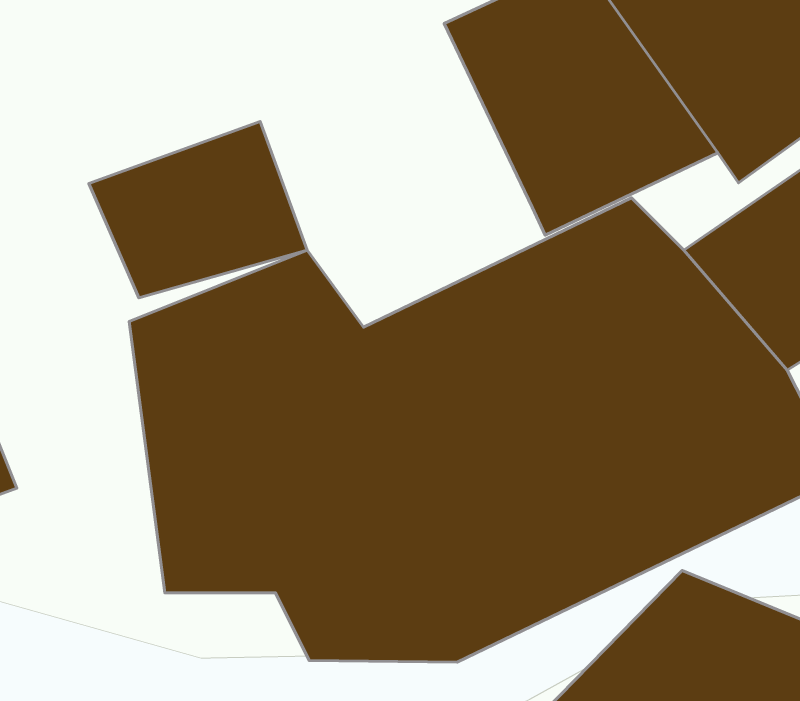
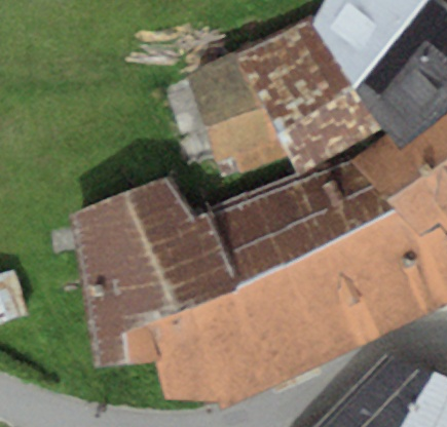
building: none -> [195,50,298,174]
building: [89,121,307,298] -> none

